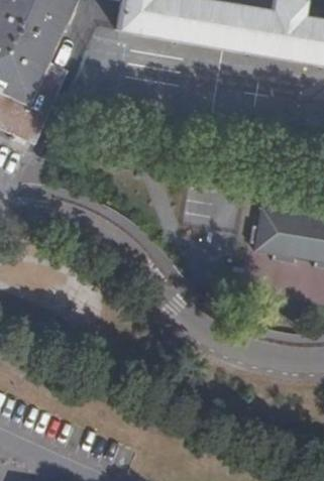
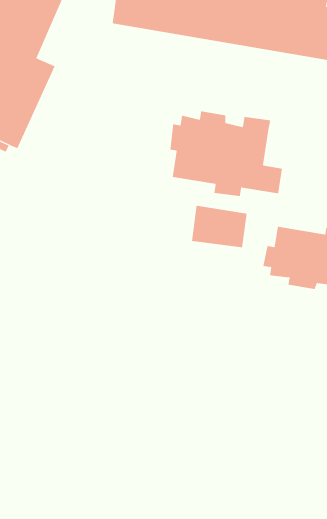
building: none -> [170,110,282,197]

